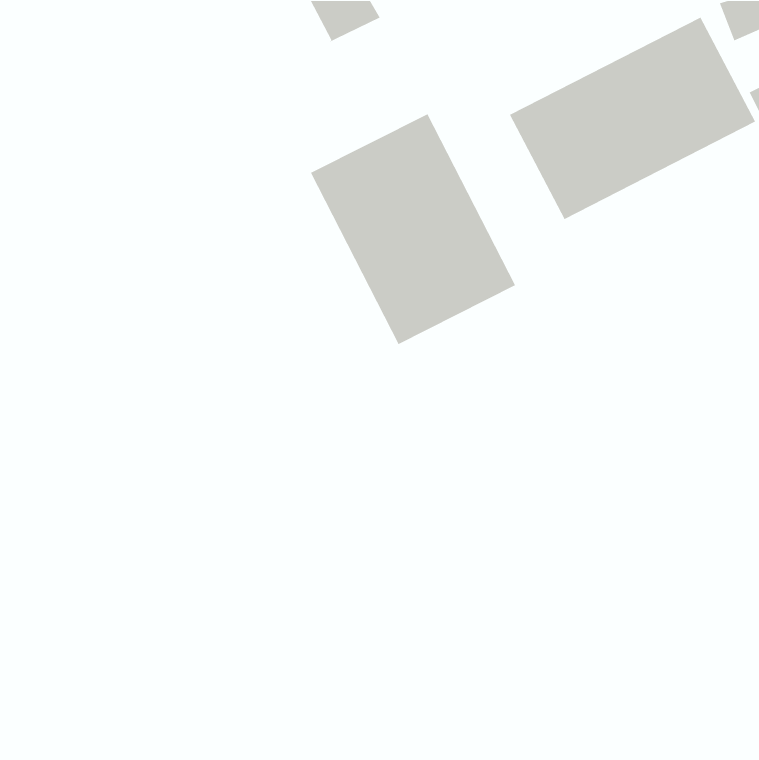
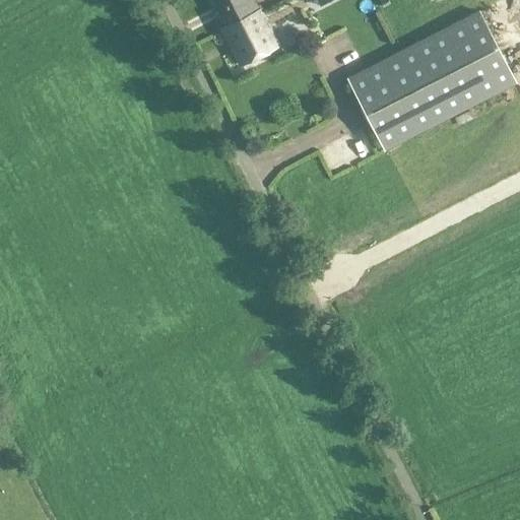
building: none -> [223,12,278,65]
building: [310,113,516,345] -> none

